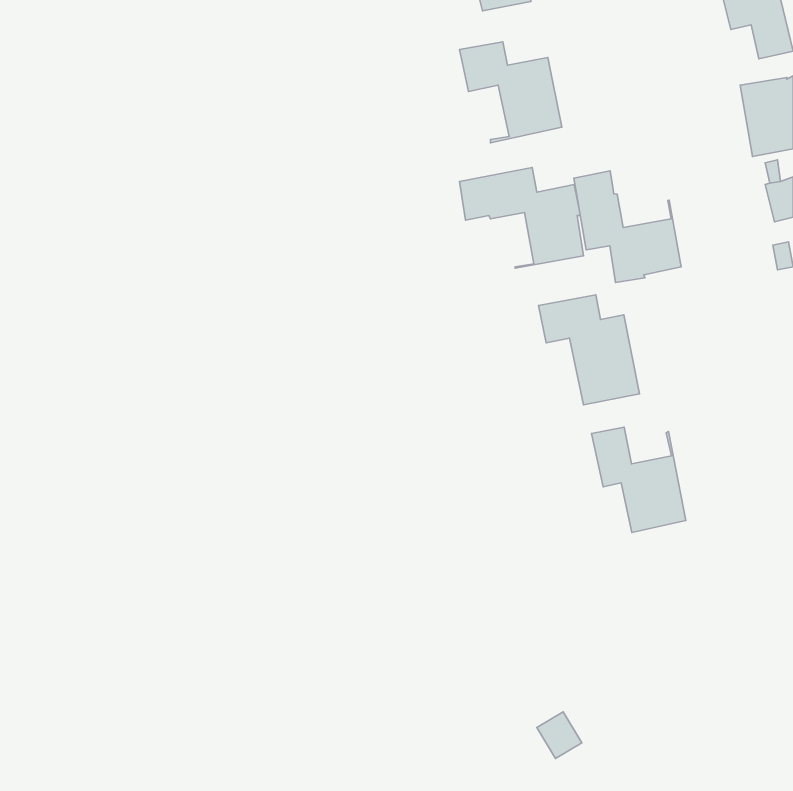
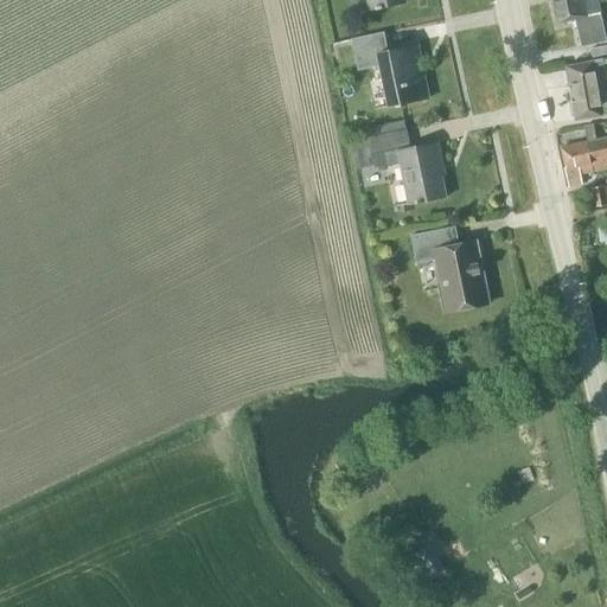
building: [574,171,681,282] -> none
building: none -> [561,141,592,186]
building: [592,427,686,533] -> none

